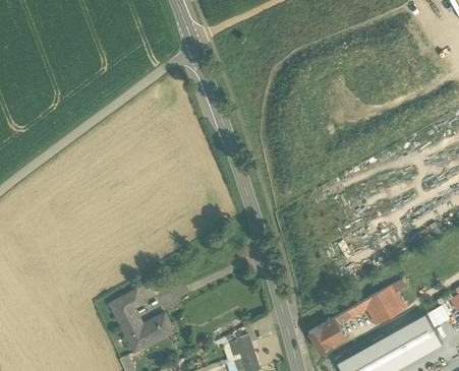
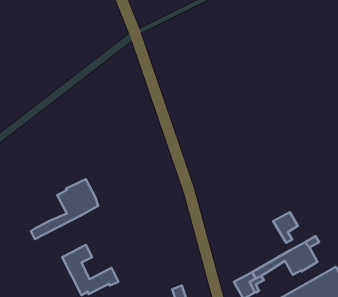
building: none -> [31,179,98,239]
building: none -> [273,212,298,243]

